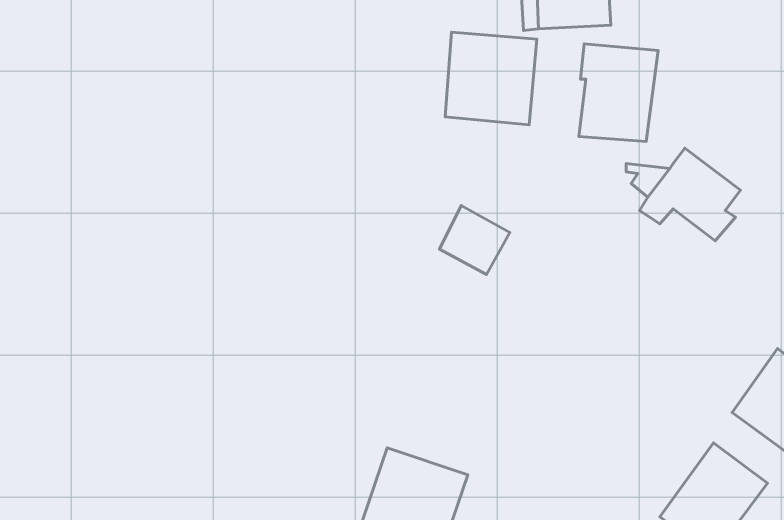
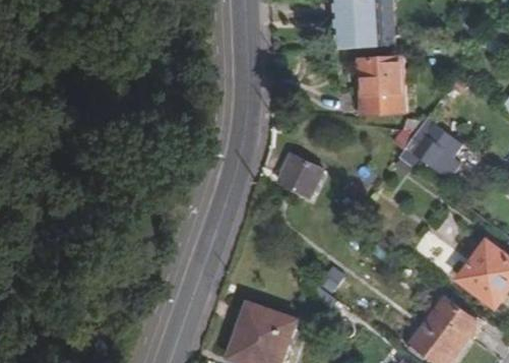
building: [445,32,537,125] -> none

